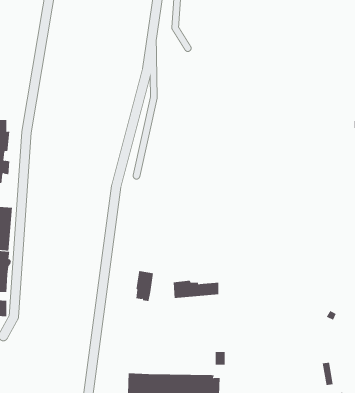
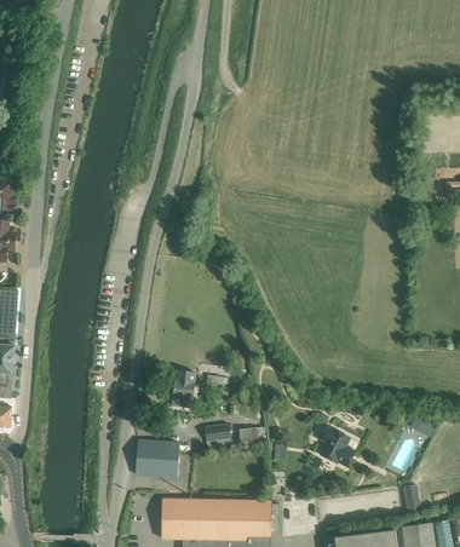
building: [173,280,219,298] -> [206,424,264,447]
building: none -> [320,426,349,462]
building: none -> [136,441,179,476]

